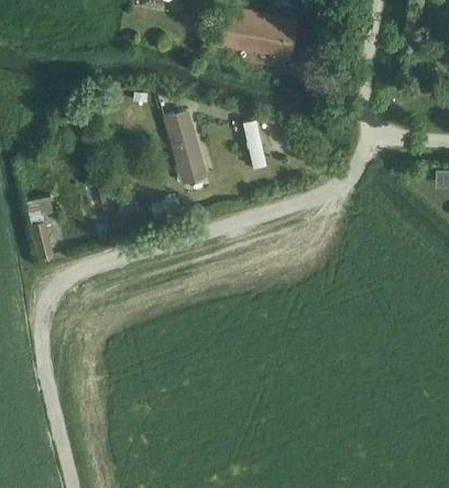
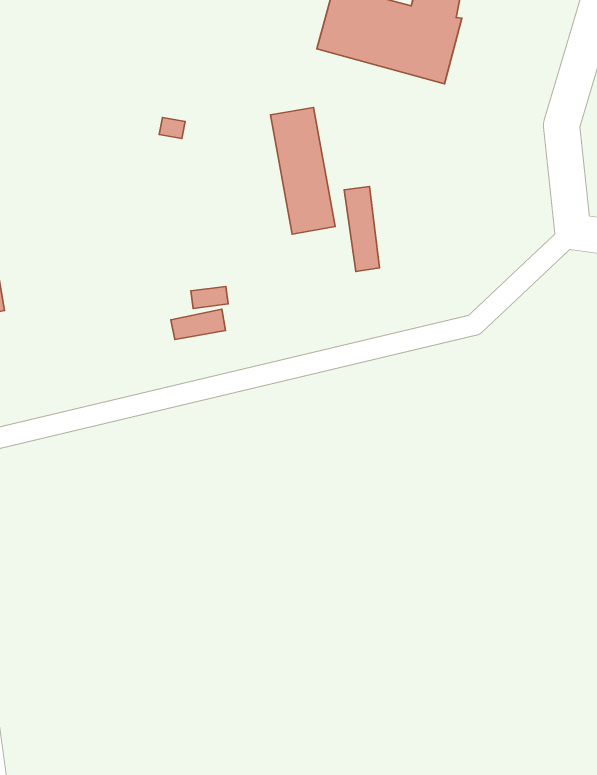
building: [164,110,207,184] -> [270,107,335,234]

